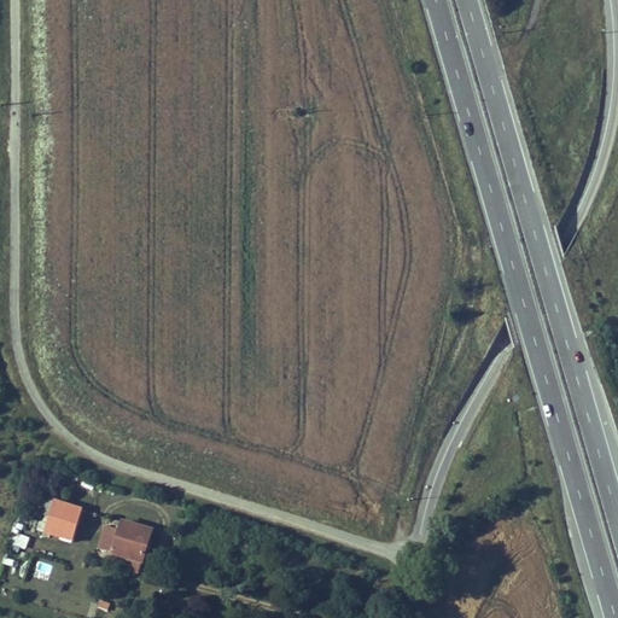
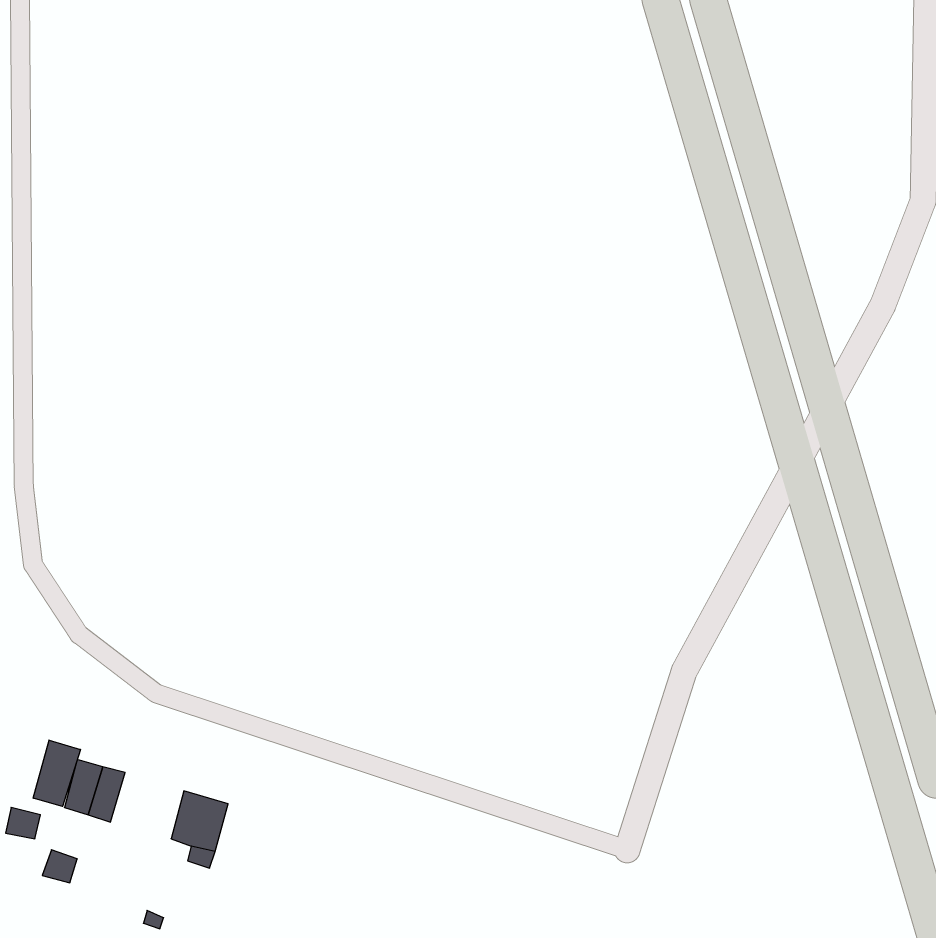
building: none -> [33,740,80,806]

